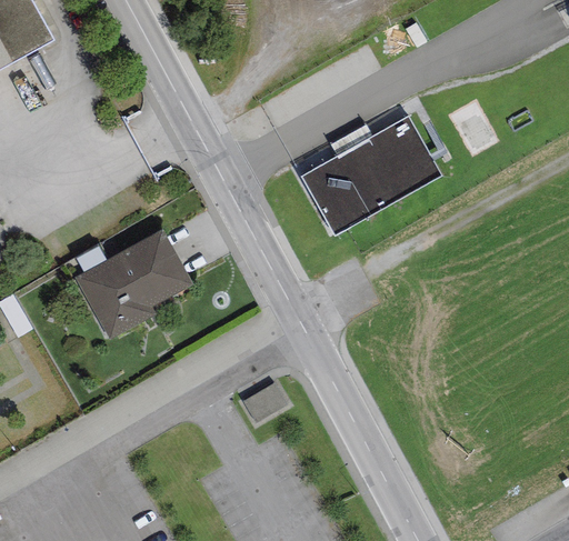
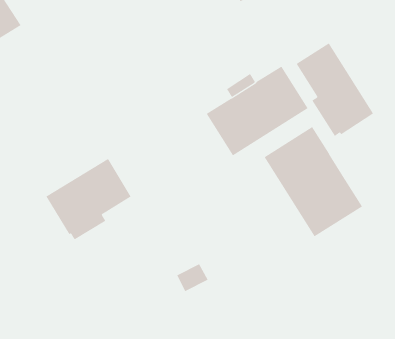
building: none -> [296,43,374,137]
building: none -> [264,126,363,237]

